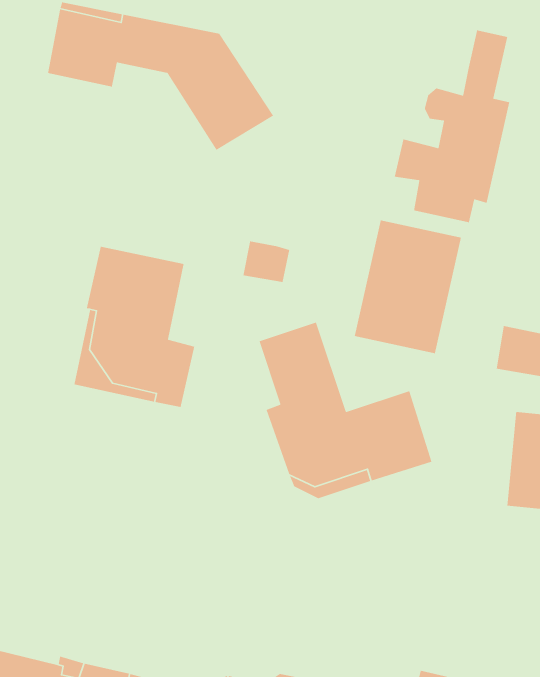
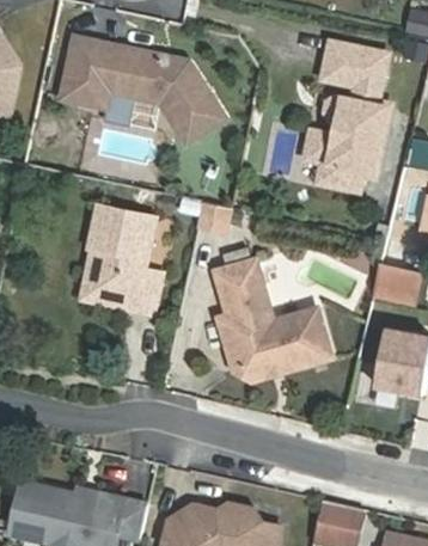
building: none -> [322,48,383,88]
building: [354,220,462,354] -> none

